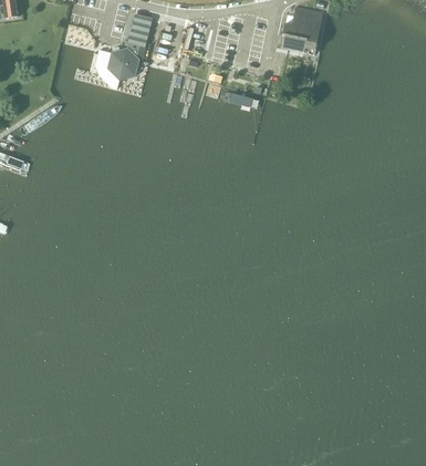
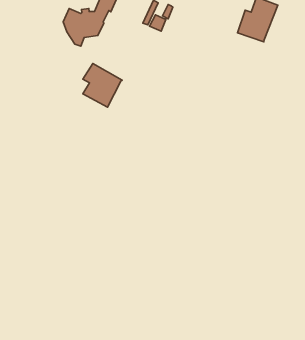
building: none -> [83,63,122,107]

